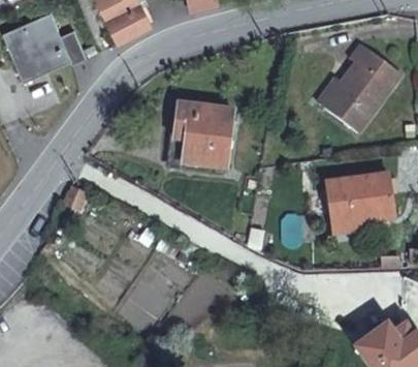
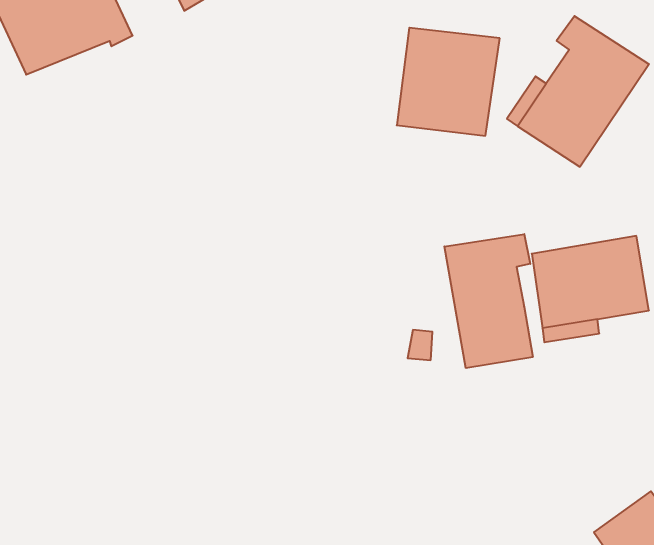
building: [176,104,236,167] -> [397,28,500,136]
building: none -> [444,234,533,368]

